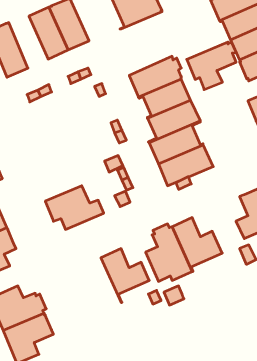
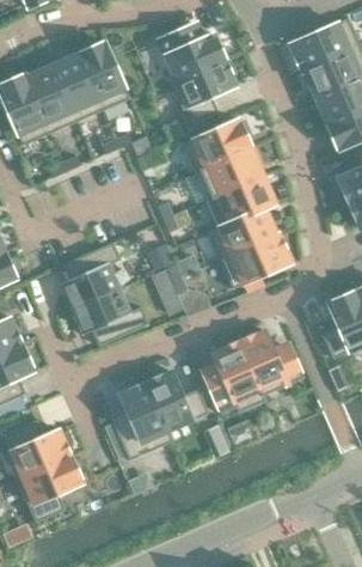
building: none -> [24,65,75,133]
building: [187,42,236,90] -> [171,59,235,121]
building: none -> [60,242,119,307]
building: none -> [110,382,171,458]

